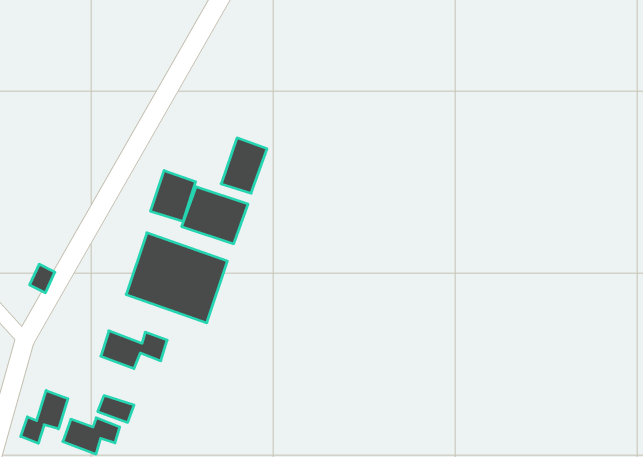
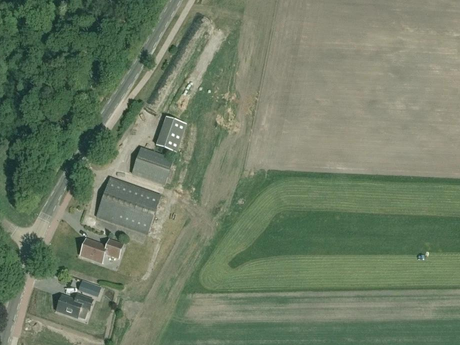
building: [151,170,196,222] -> none
building: [21,390,68,443] -> none

